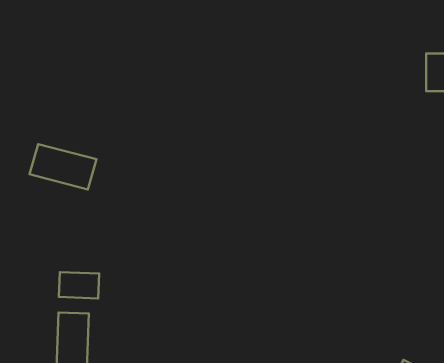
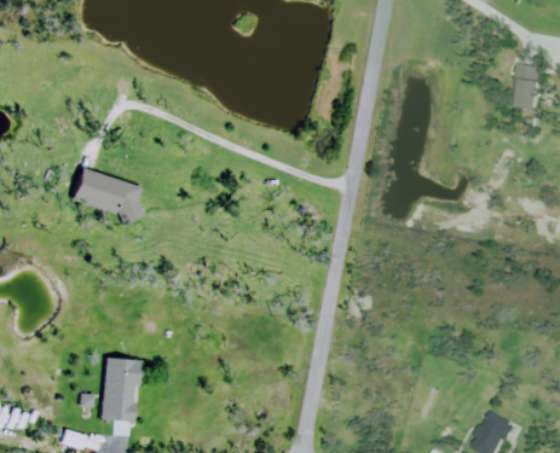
building: [59,272,99,298] -> none

